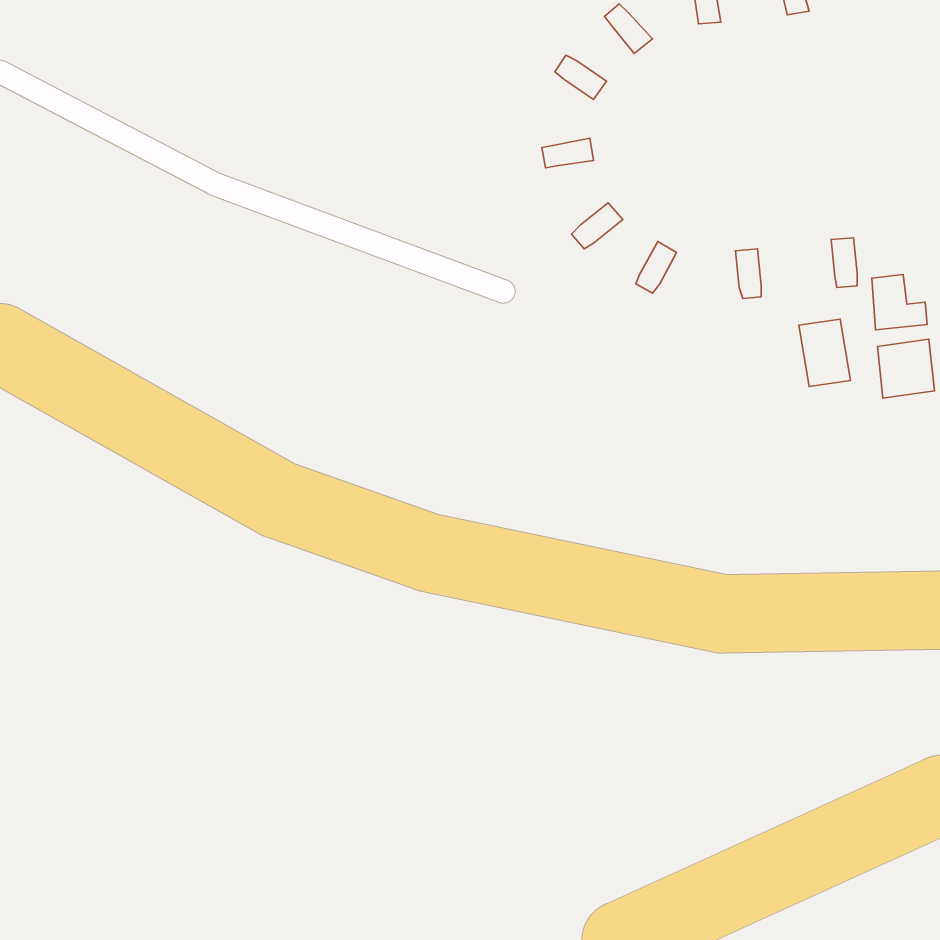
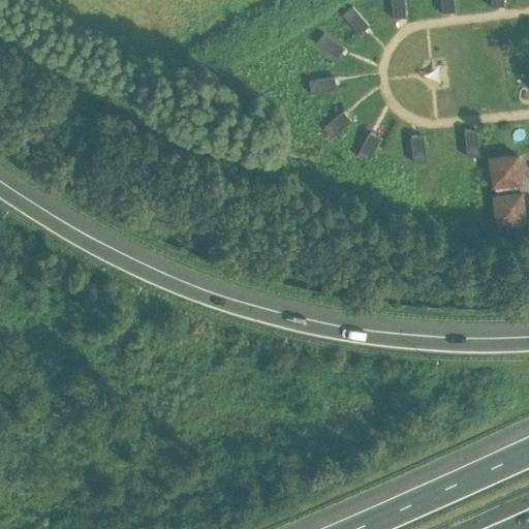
building: [799,319,850,386] -> none

